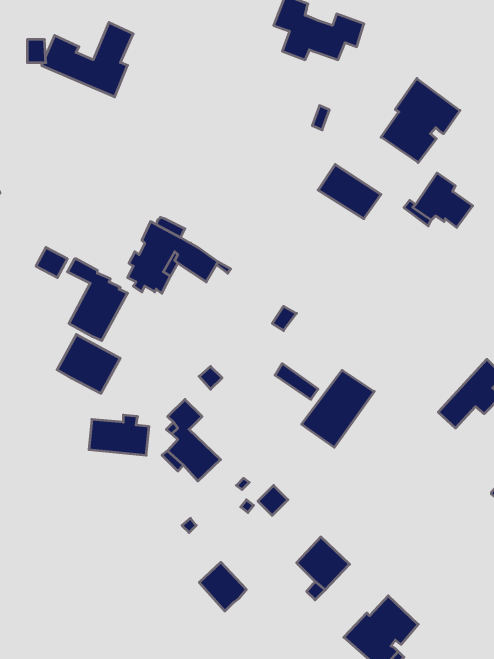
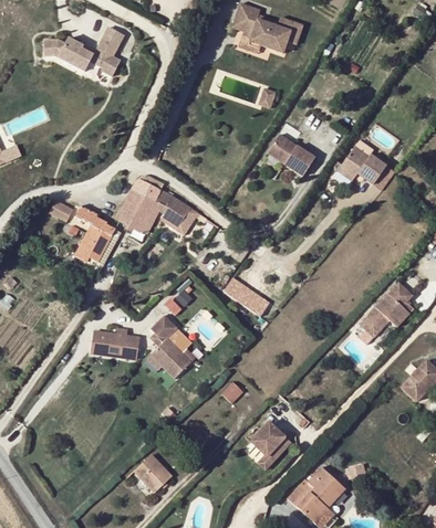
building: [381,78,460,163] -> none
building: [57,334,120,393] -> none
building: [302,370,374,447] -> none
building: [199,562,246,611] -> [134,455,170,493]

